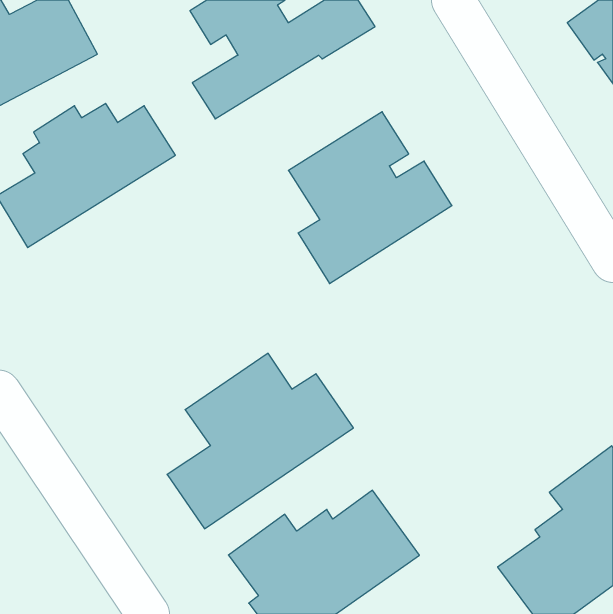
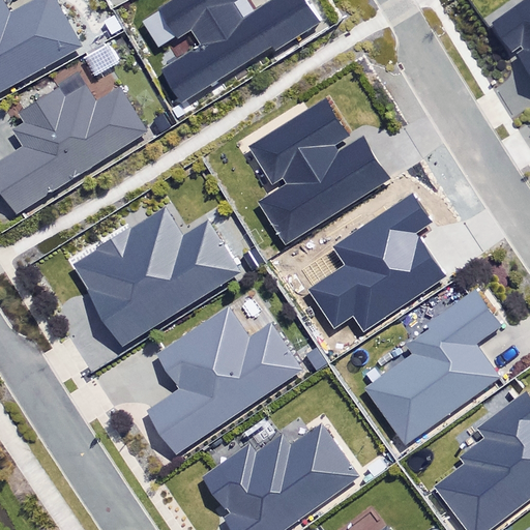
building: none -> [306,192,445,329]
building: none -> [72,206,239,344]
building: none -> [363,284,505,444]

